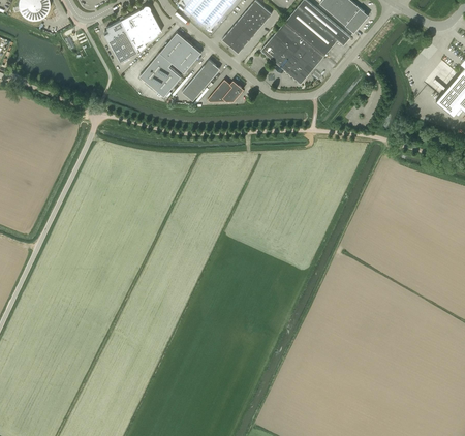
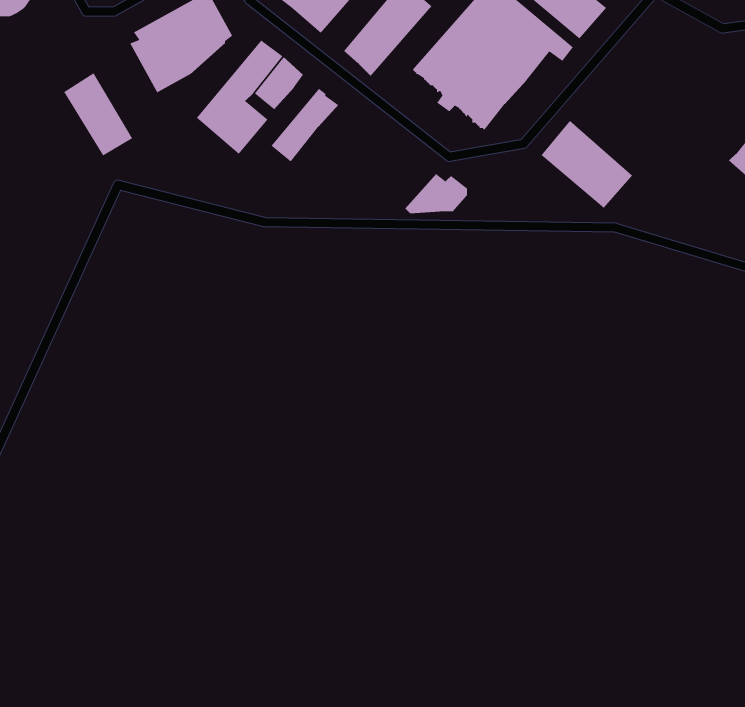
building: none -> [63,72,133,157]
building: none -> [541,120,633,209]
building: [207,80,242,102] -> [405,173,468,214]

